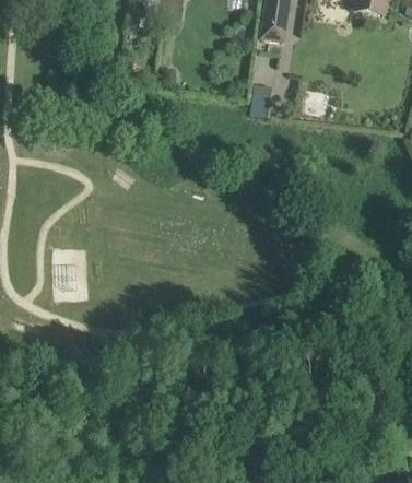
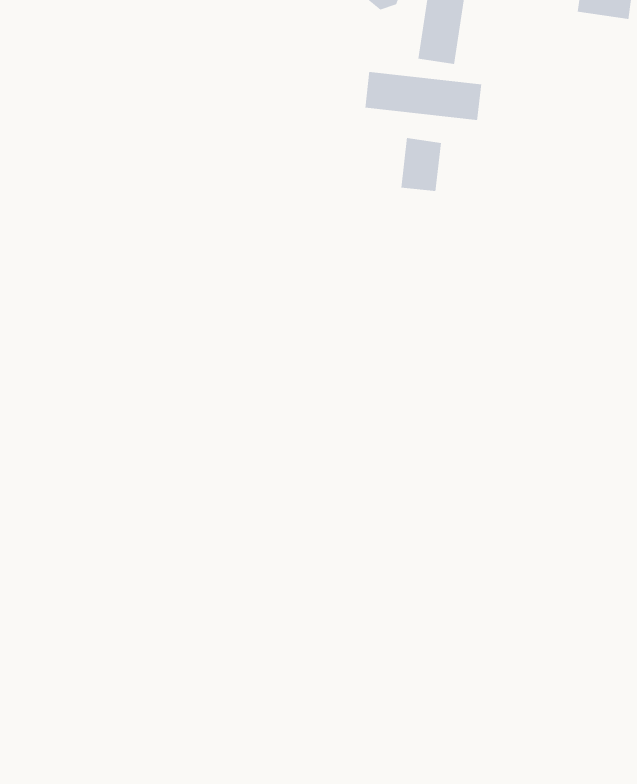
building: none -> [365,71,482,121]

